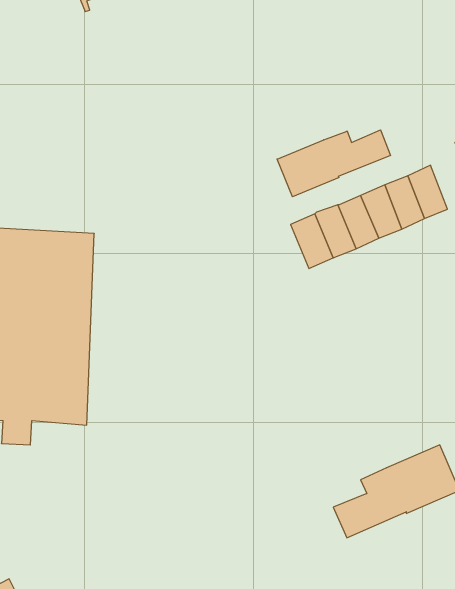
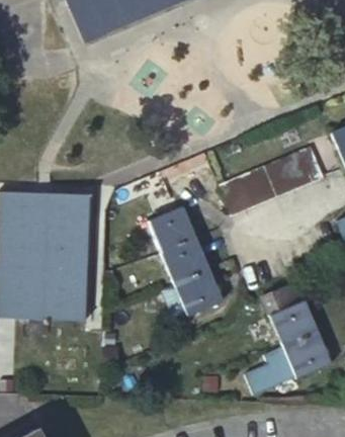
building: [277,130,390,197] -> none
building: none -> [148,204,224,316]
building: none -> [263,286,321,349]

